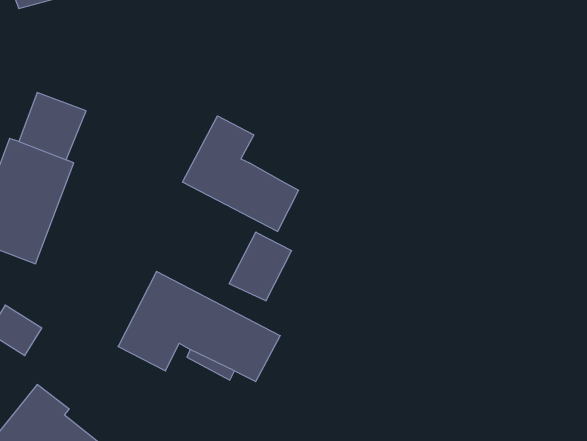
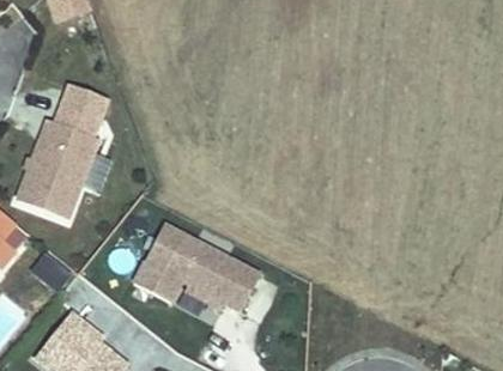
building: [183,116,298,231] -> none
building: [229,232,292,301] -> none

